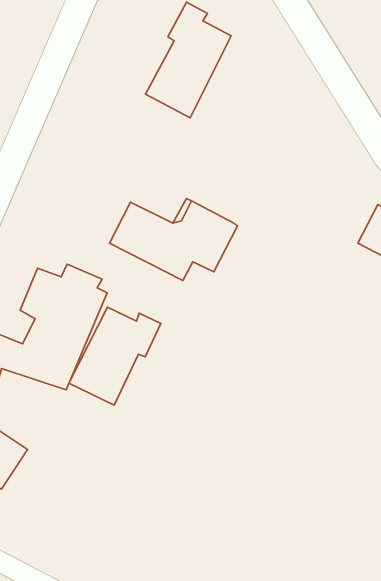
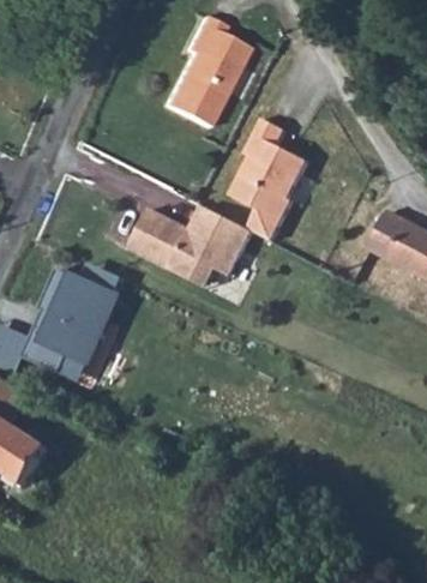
building: none -> [229,116,307,240]
building: [69,307,161,405] -> none

